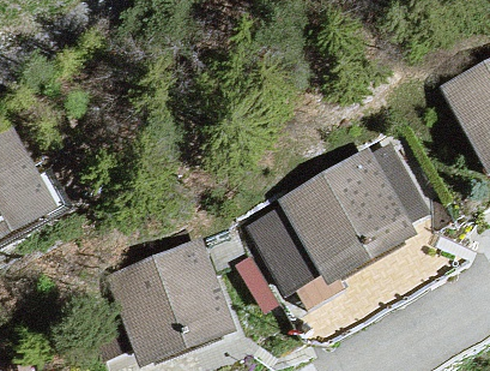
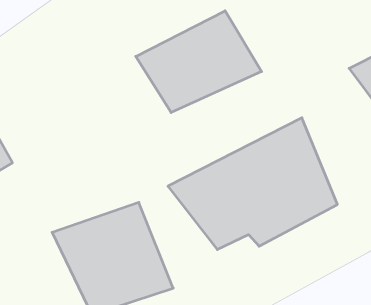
building: none -> [136,11,262,113]

